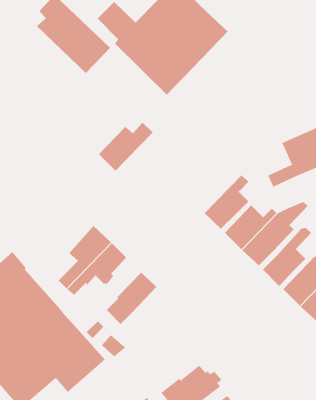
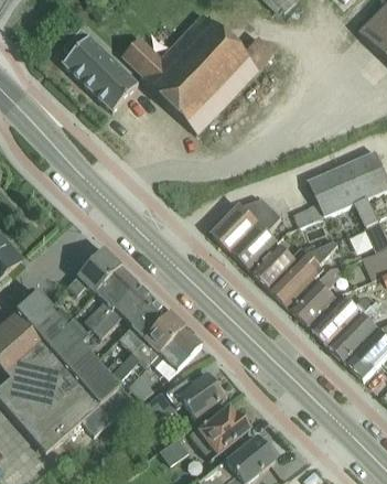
building: [98,122,153,172] -> [215,201,271,251]
building: none -> [68,247,120,293]
building: none -> [119,297,169,351]
building: none -> [151,326,202,378]
building: none -> [139,372,225,424]

